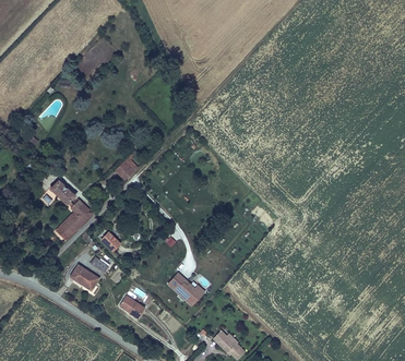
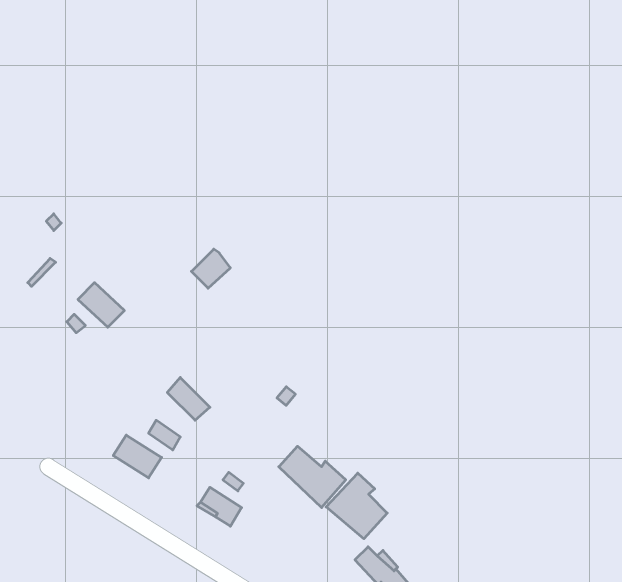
building: [57,198,94,239] -> none
building: none -> [326,473,387,539]

